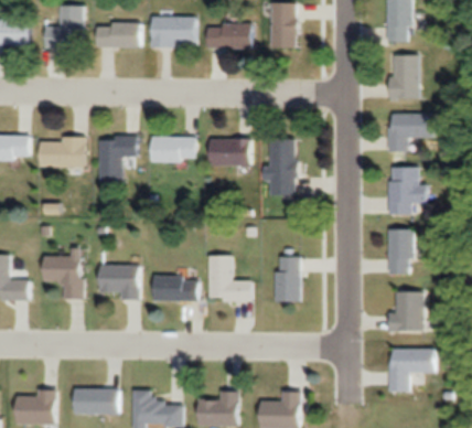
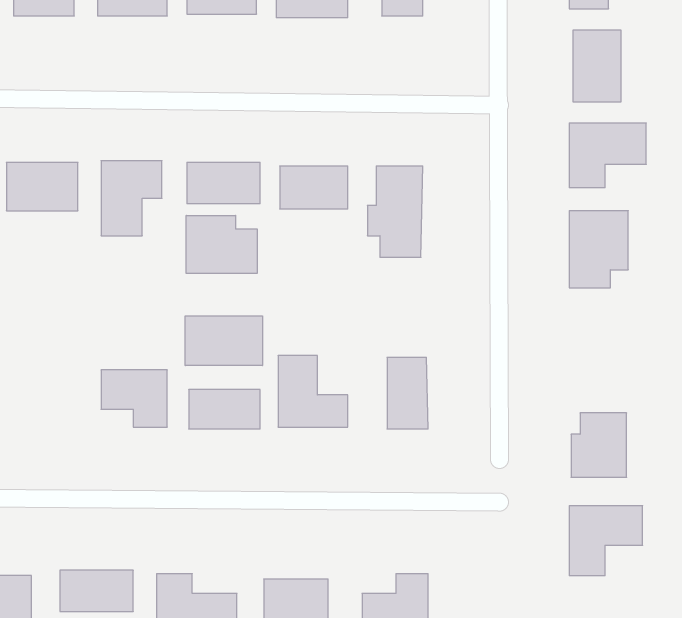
building: none -> [186,215,257,273]
building: [387,229,412,274] -> none
building: none -> [185,316,262,366]
building: [43,248,83,299] -> none

